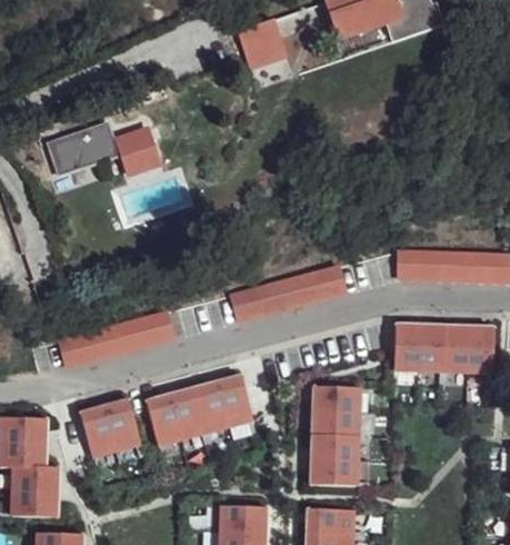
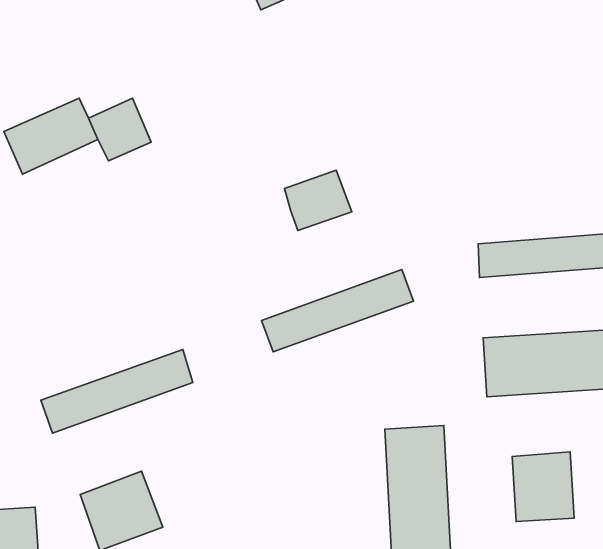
building: none -> [285,170,352,230]
building: [147,377,253,445] -> none
building: none -> [512,452,574,521]

